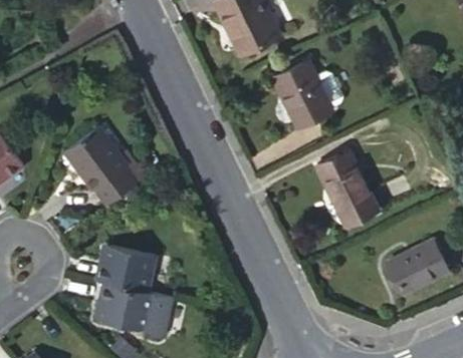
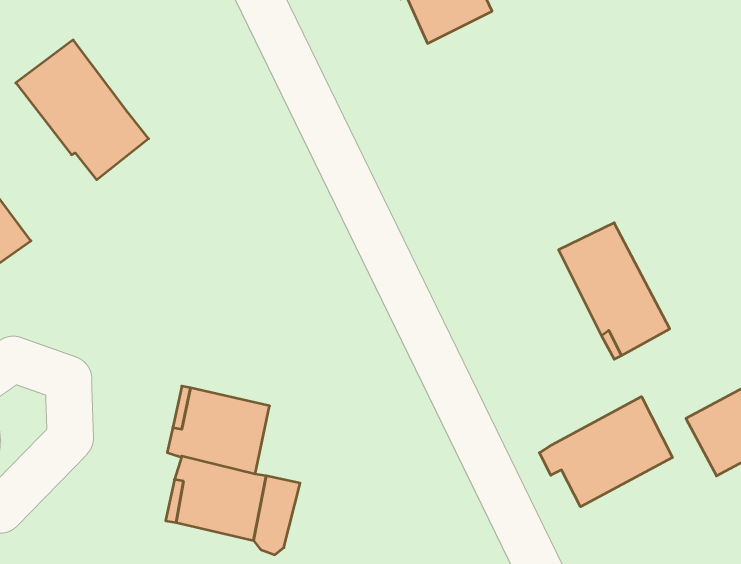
building: [273,62,342,127] -> none
building: [63,125,138,204] -> [16,40,149,180]
building: none -> [539,397,672,507]

